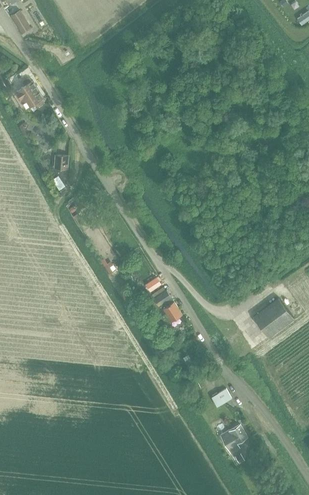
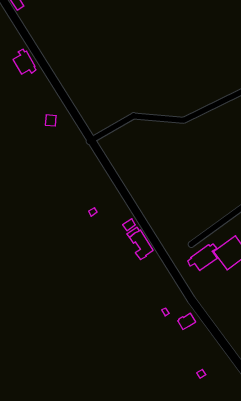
building: none -> [188,244,217,271]
building: [221,424,248,453] -> none

